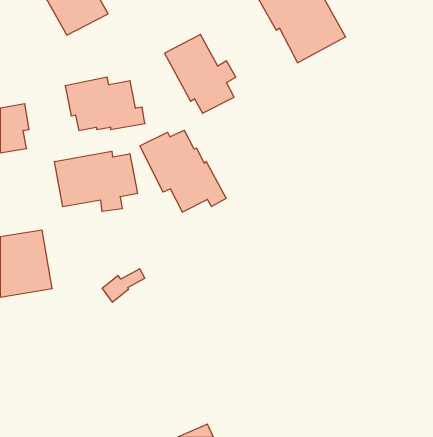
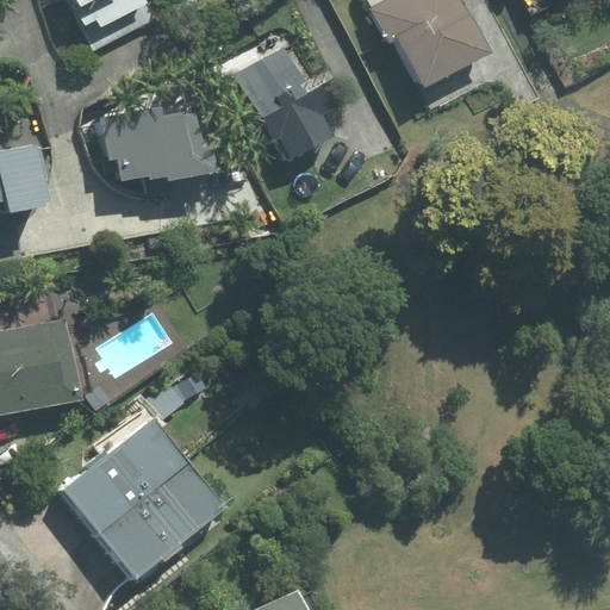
building: [140,130,226,212] -> none
building: [54,151,137,212] -> none
building: none -> [63,419,222,578]

